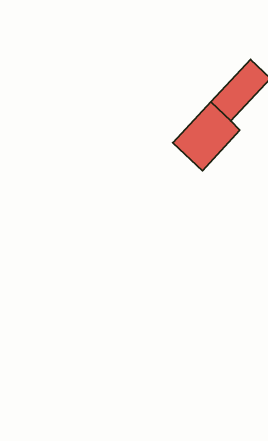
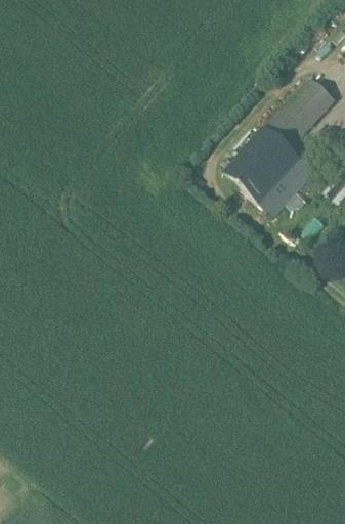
building: none -> [258,158,313,215]

